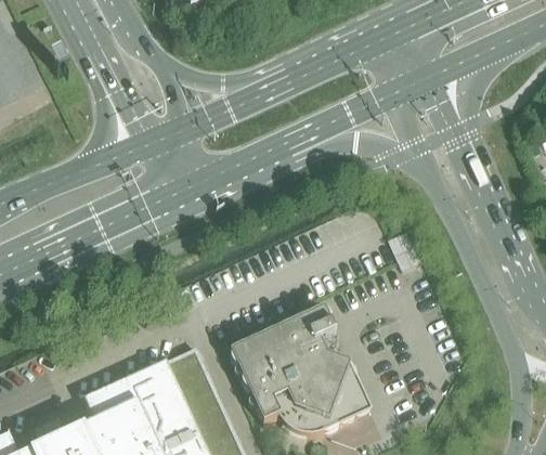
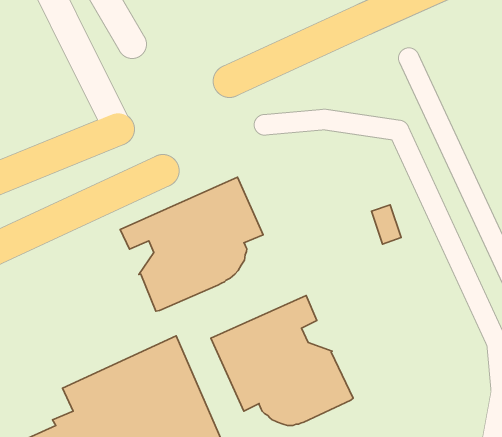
building: none -> [120,177,263,311]

